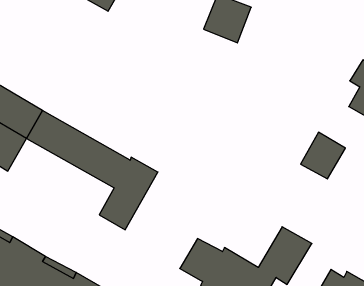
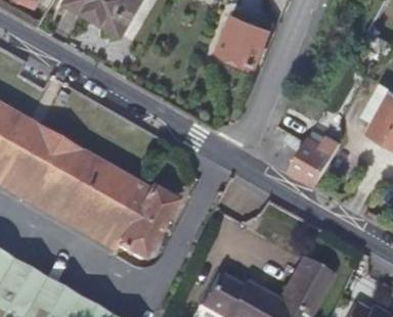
building: [301,132,345,179] -> [290,136,336,184]
building: none -> [21,164,131,248]

